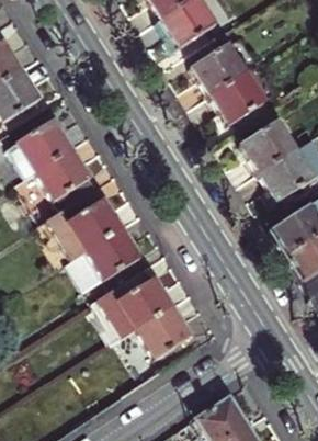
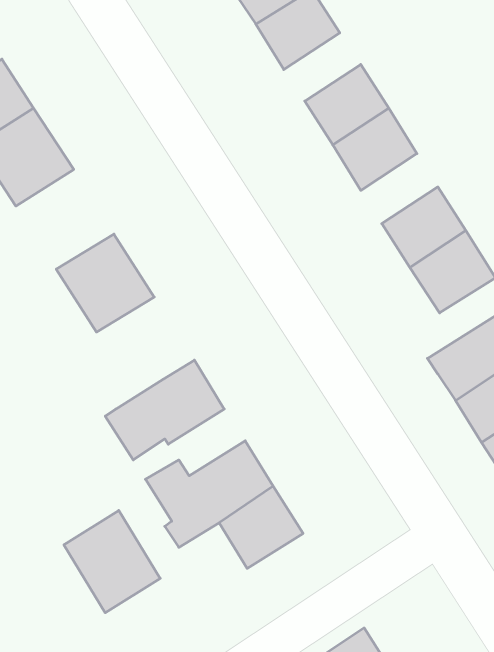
building: [8,118,72,178] -> none
building: [48,189,123,259] -> none
building: none -> [64,510,160,613]

